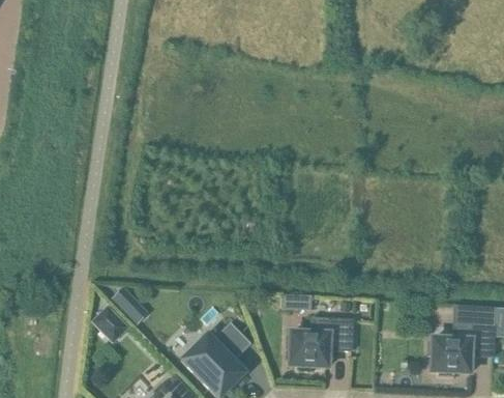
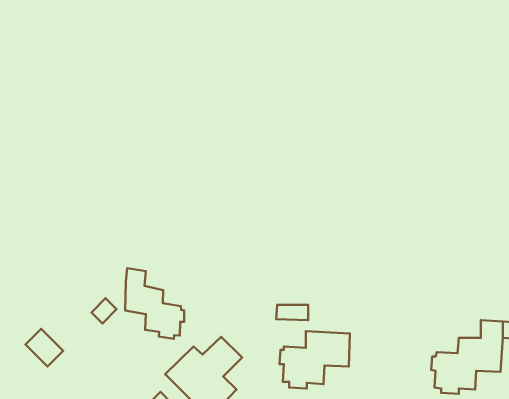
building: none -> [125,268,184,339]
building: [93,307,128,342] -> [26,329,63,366]

